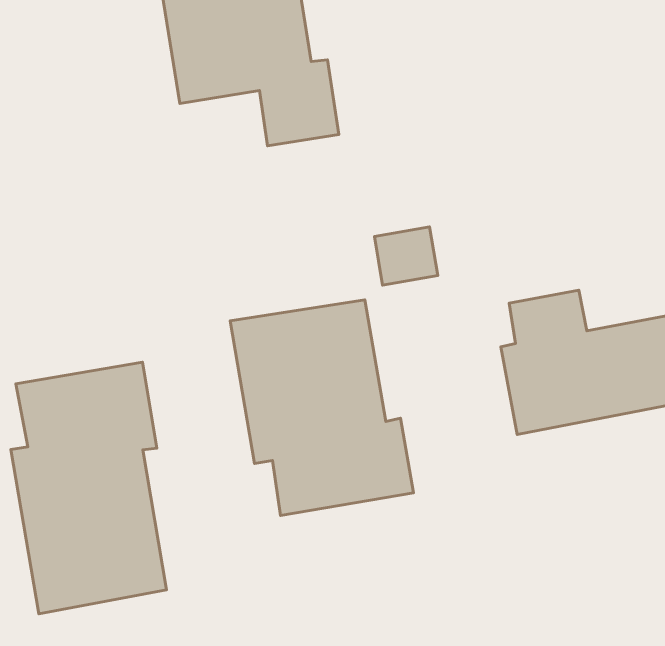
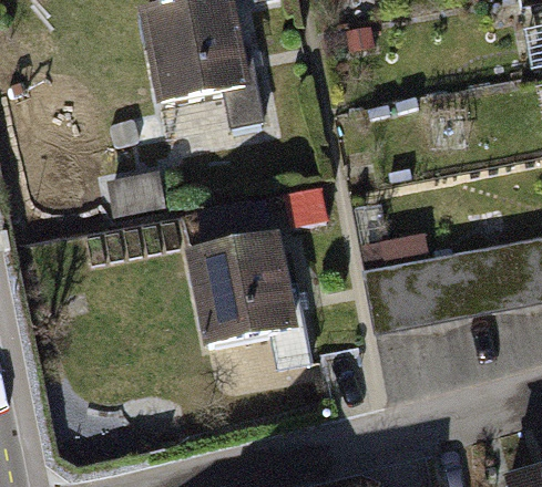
building: [11,362,166,614] -> none

